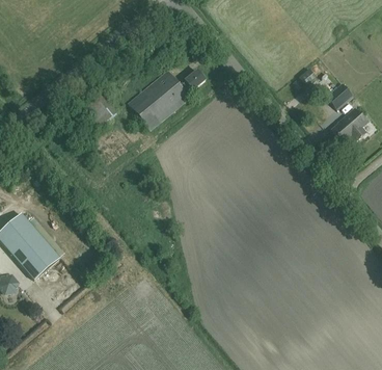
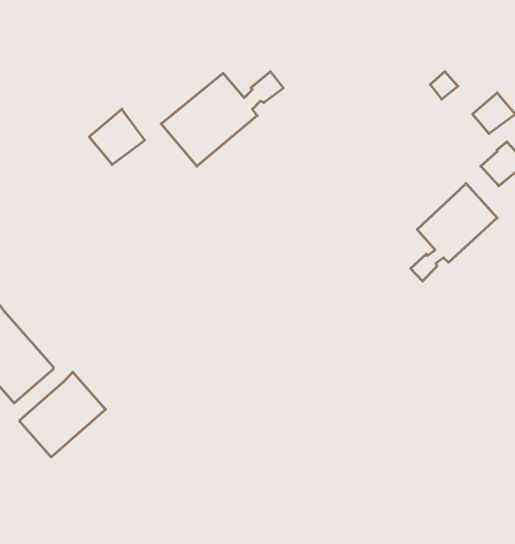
building: none -> [411,183,497,281]
building: none -> [20,372,106,457]

